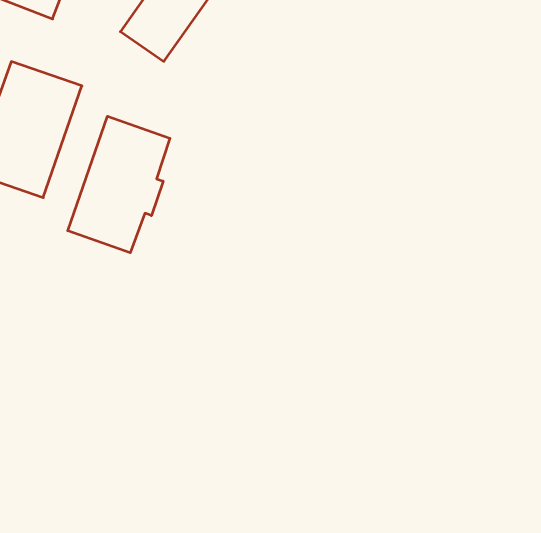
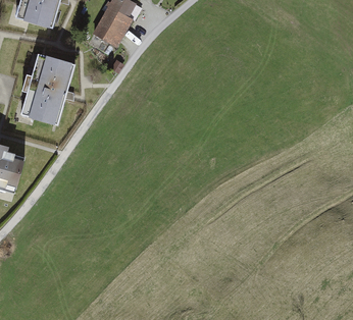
building: [68,116,170,253] -> none

